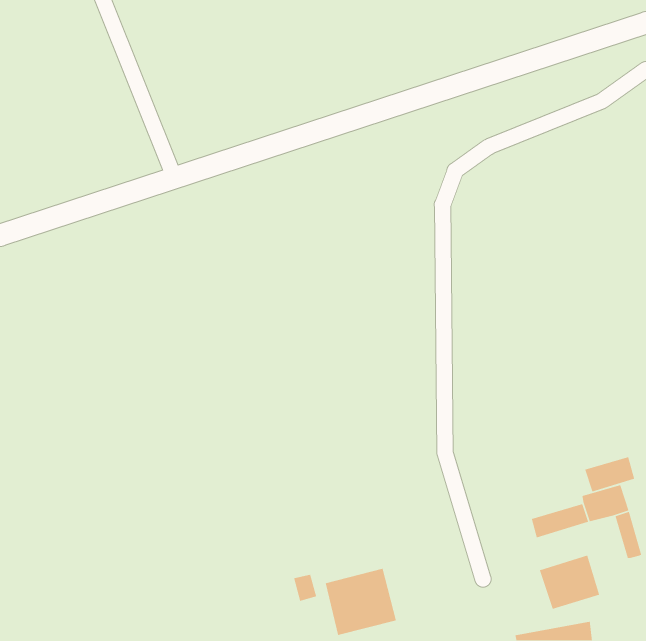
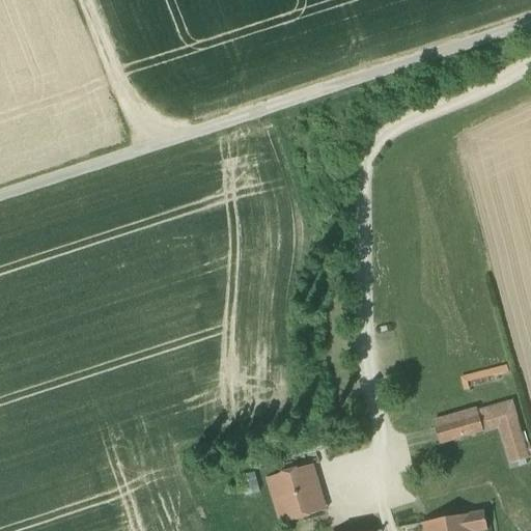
building: [584,456,635,493] -> none
building: [539,555,600,610] -> none

